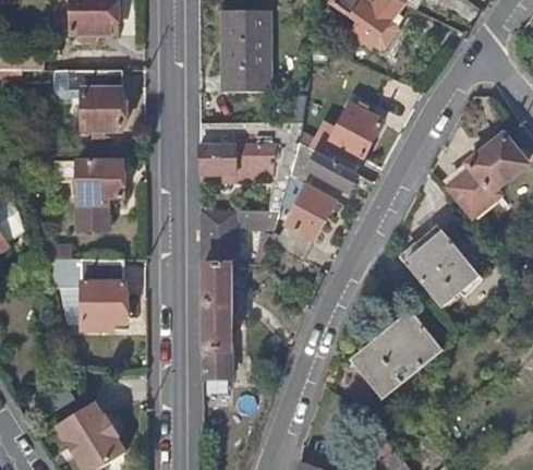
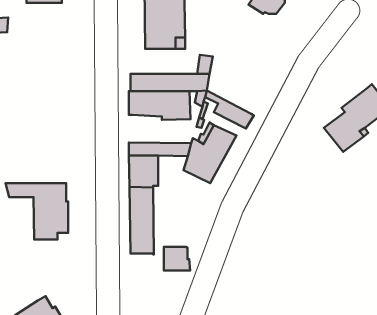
building: [53,68,120,130] -> none
building: [312,104,380,172] -> none
building: [75,160,122,228] -> none
building: [405,231,479,308] -> none
building: [358,313,441,397] -> none
building: [202,348,234,377] -> [164,247,190,270]

